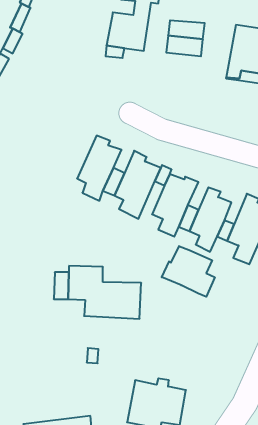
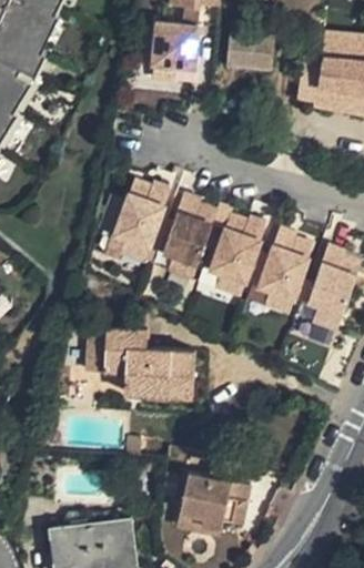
building: [162,246,215,297] -> none

